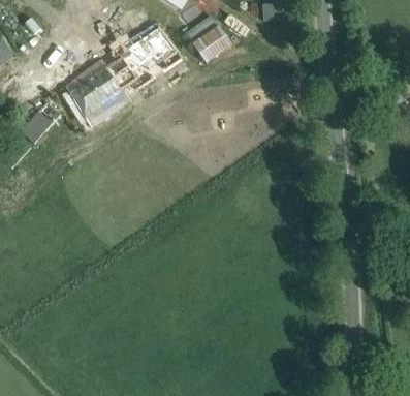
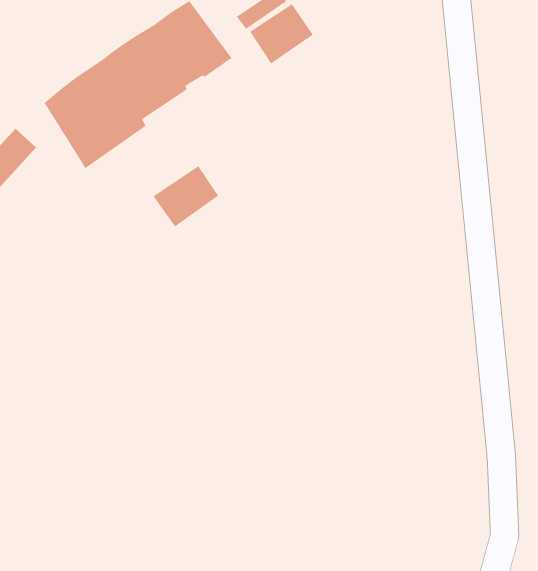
building: none -> [152,165,219,227]

